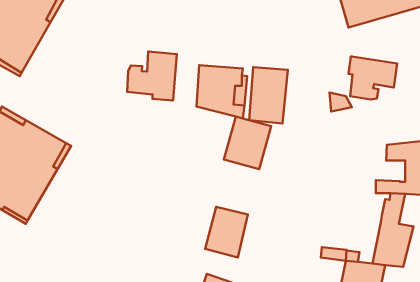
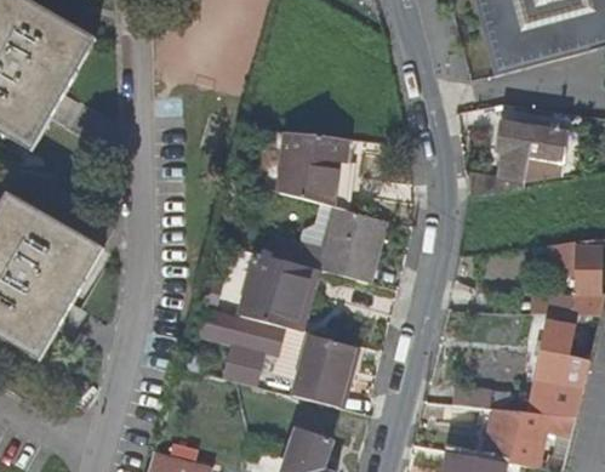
building: [127,52,177,100] -> none
building: [249,67,288,123] -> none
building: none -> [239,250,313,326]
building: none -> [195,309,285,385]

